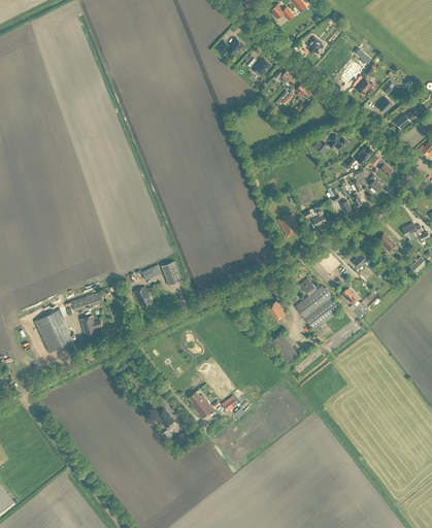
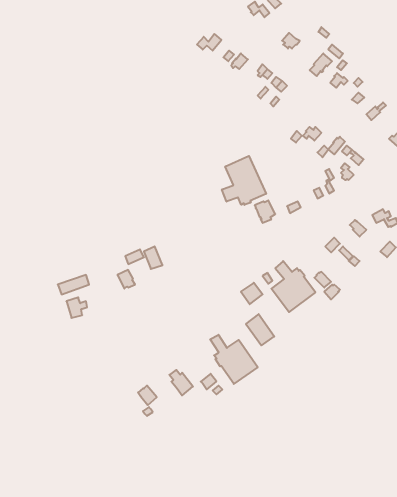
building: none -> [222,156,266,205]
building: [34,309,73,353] -> none
building: none -> [210,335,258,384]

